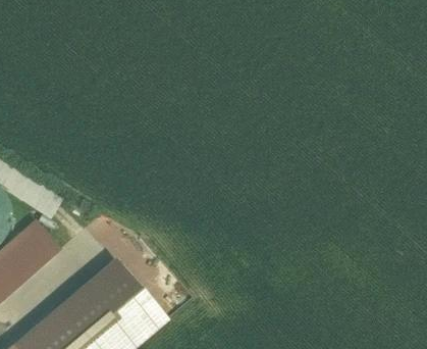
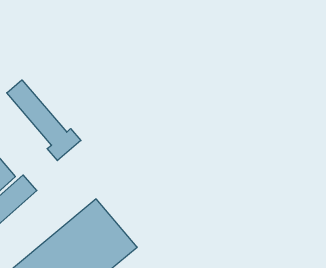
building: none -> [7,80,81,161]

